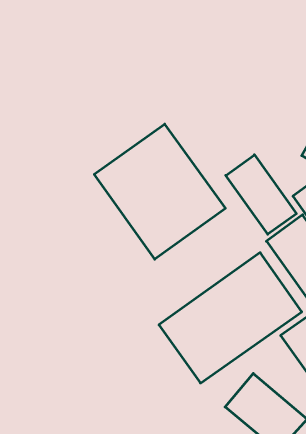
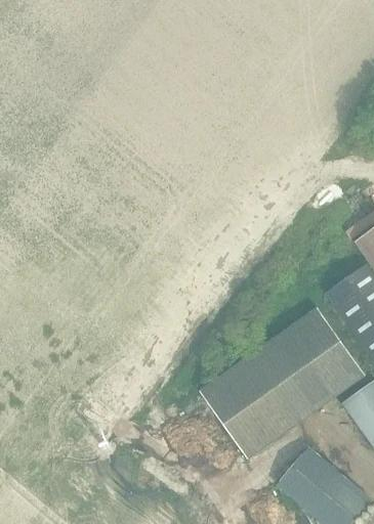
building: [94,124,225,259] -> none
building: [226,155,296,234] -> none

